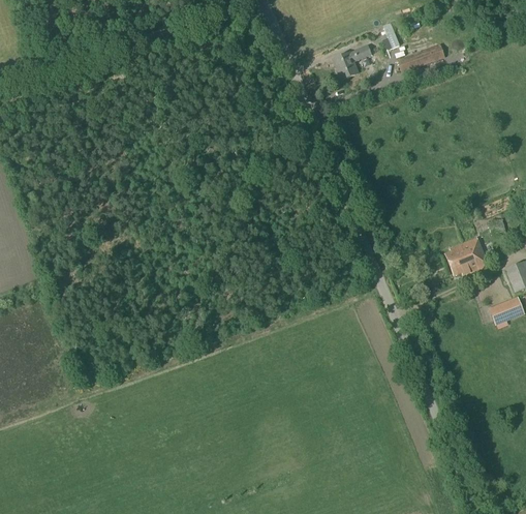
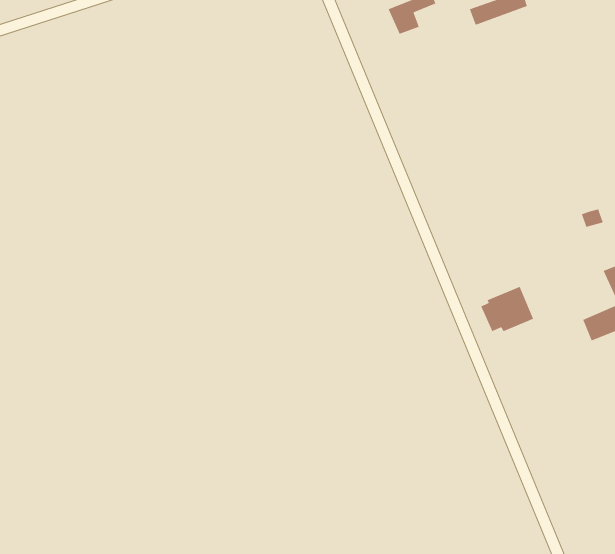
building: [445,238,489,275] -> [480,286,534,332]

